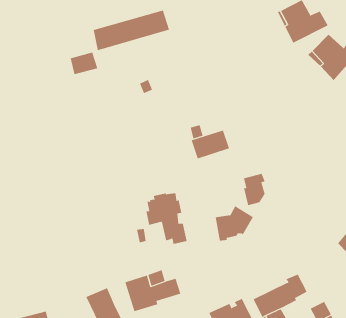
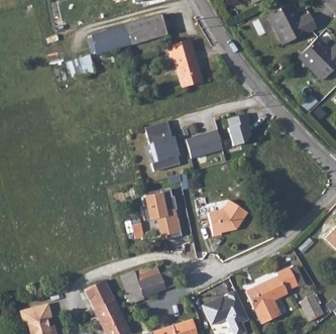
building: none -> [169,40,203,87]
building: none -> [145,121,181,172]
building: [243,173,265,206] -> [229,113,250,144]

